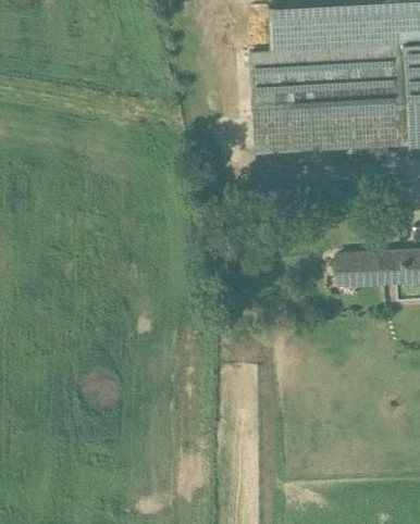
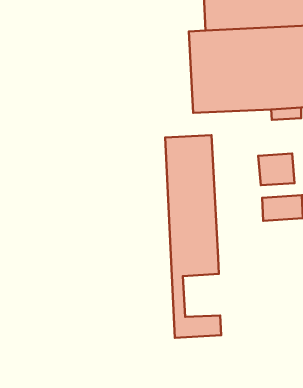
building: none -> [165,135,221,338]
building: none -> [258,154,295,185]

